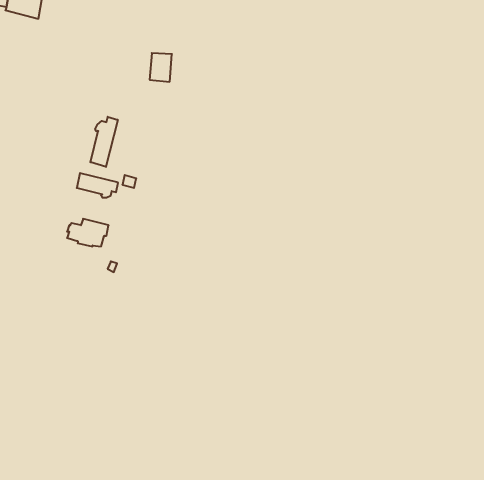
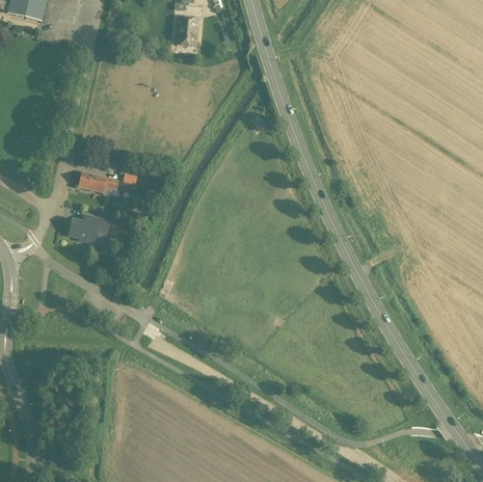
building: [150,53,172,82] -> [176,17,197,45]
building: [90,117,118,167] -> none

